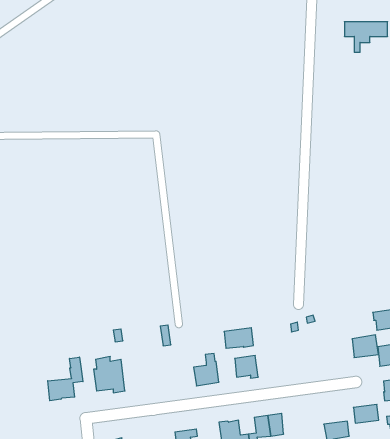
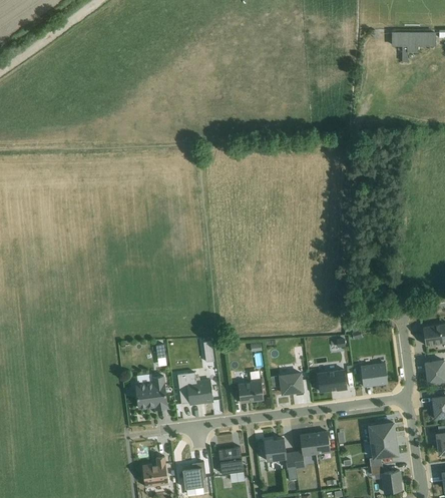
building: [224,328,253,348] -> [317,370,347,391]
building: [352,335,379,358] -> [361,363,388,386]
building: none -> [177,372,213,405]
building: [48,357,83,401] -> none
building: [353,404,379,423] -> [369,423,395,442]

